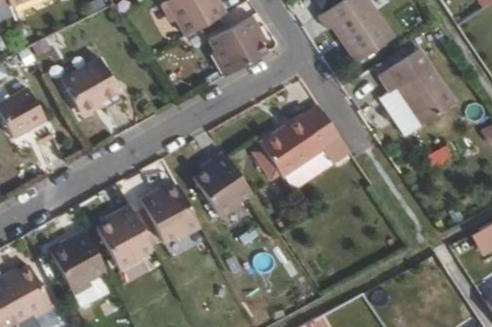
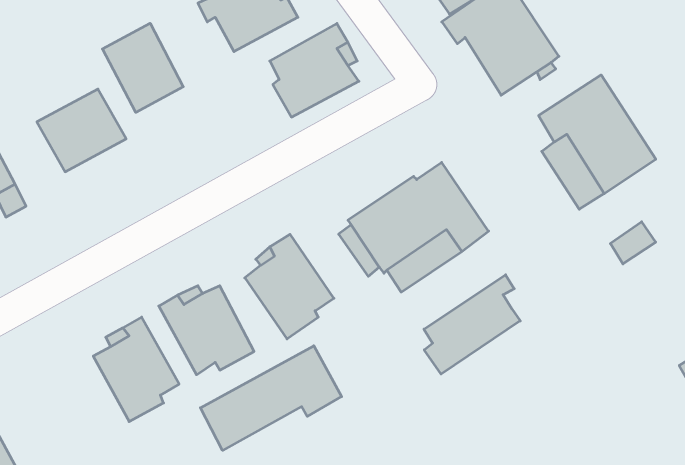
building: none -> [102,23,183,112]
building: none -> [424,275,520,374]
building: none -> [200,346,342,450]
building: [50,228,105,294] -> none

